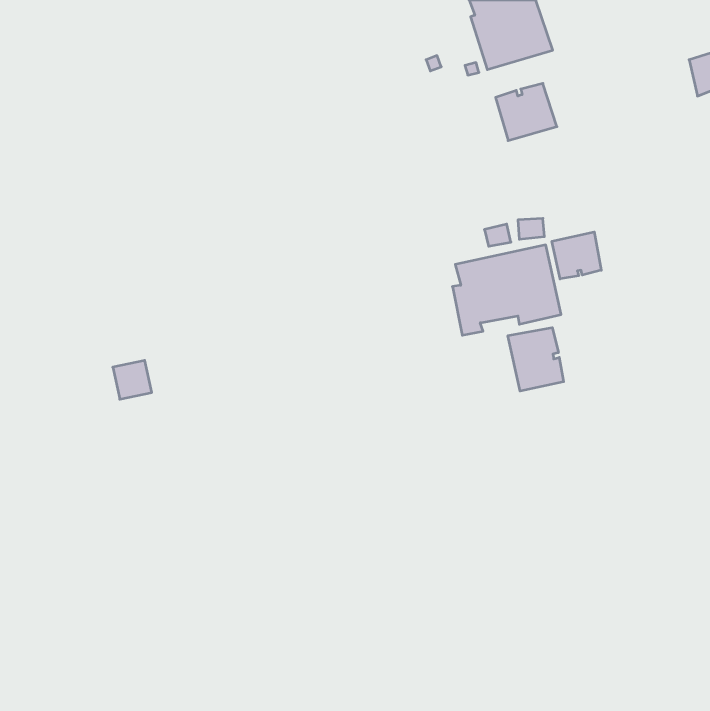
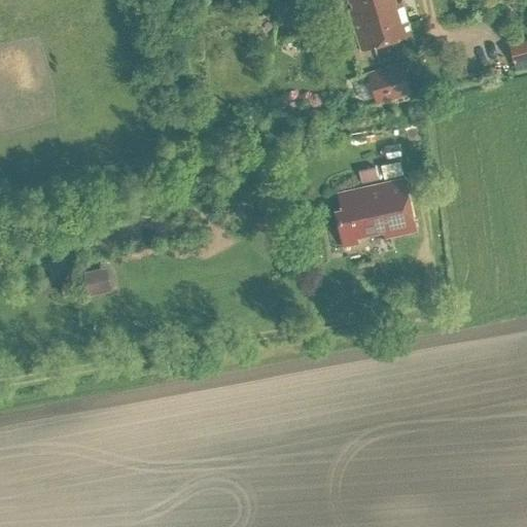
building: [552,232,601,279] -> none
building: [508,328,564,391] -> none

